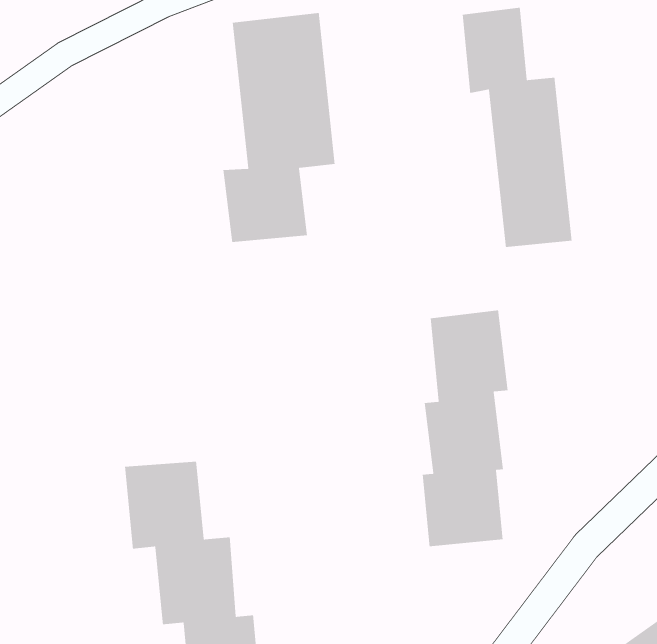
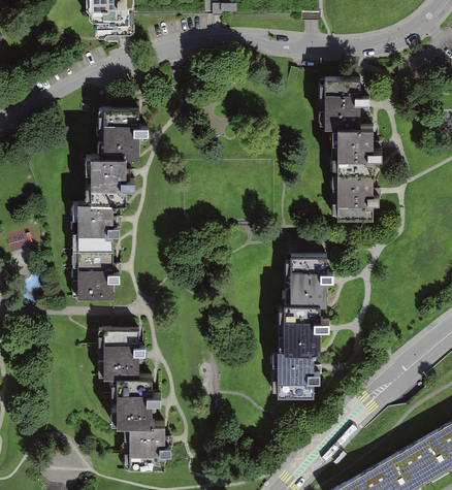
building: [223,12,336,243] -> none
building: none -> [71,113,139,298]

